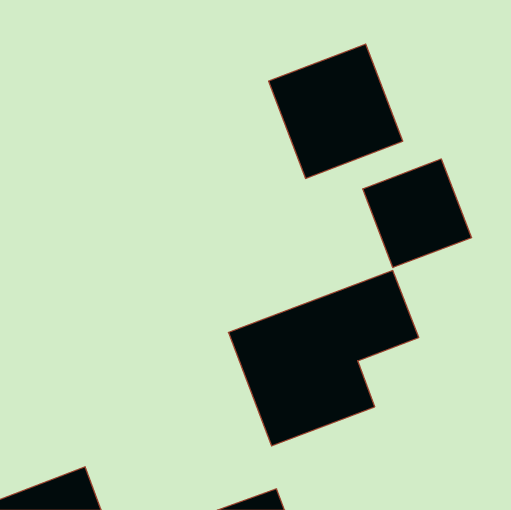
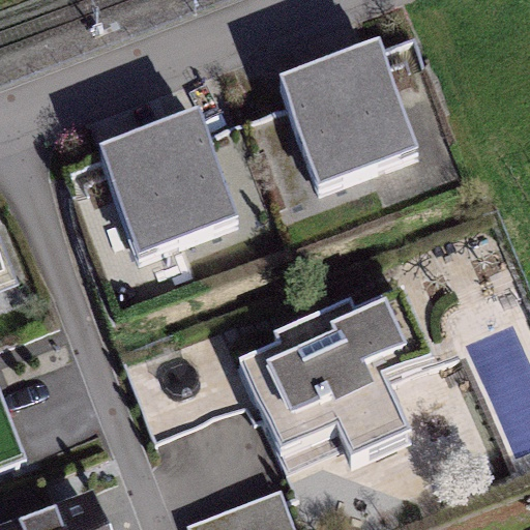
building: none -> [98,115,238,254]
building: [363,159,471,268] -> none

